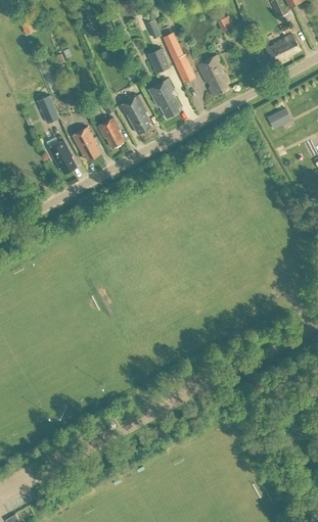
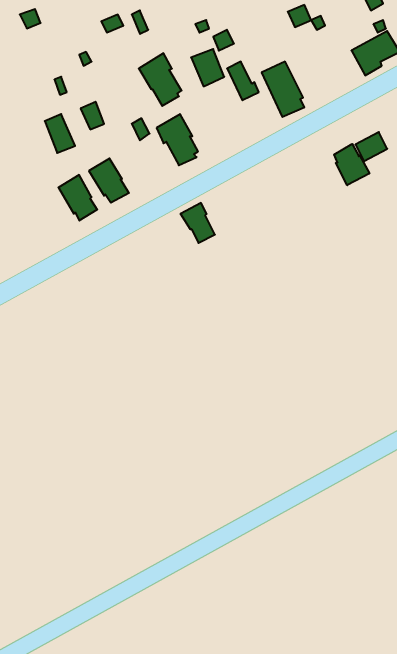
building: [148,78,180,116] -> [139,53,182,106]
building: none -> [334,144,369,185]
building: [97,116,123,146] -> [180,203,215,243]

